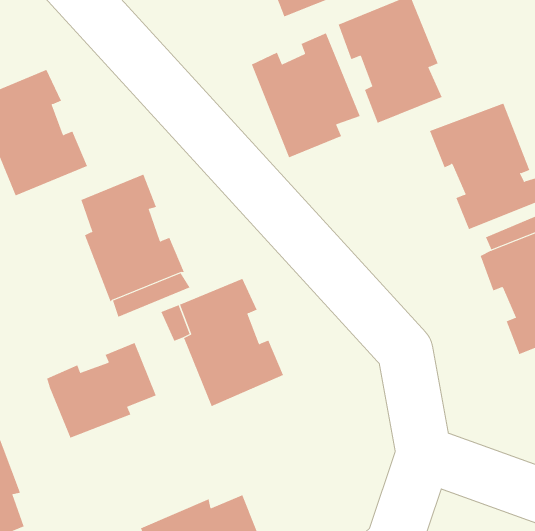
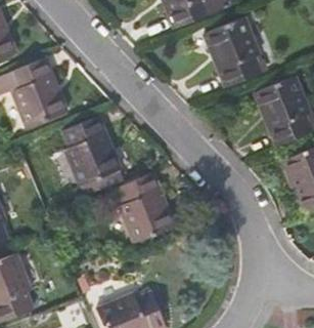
building: [251,32,360,158] -> none
building: [46,342,157,438] -> none

